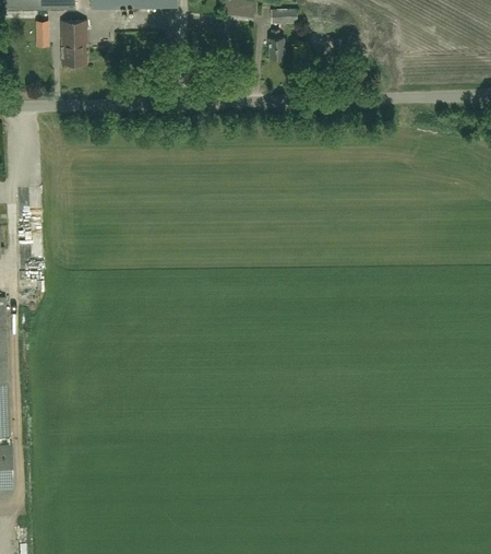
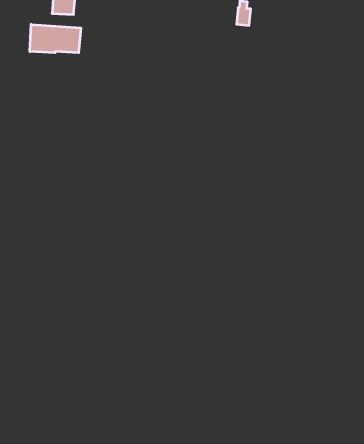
building: none -> [30,24,81,53]

